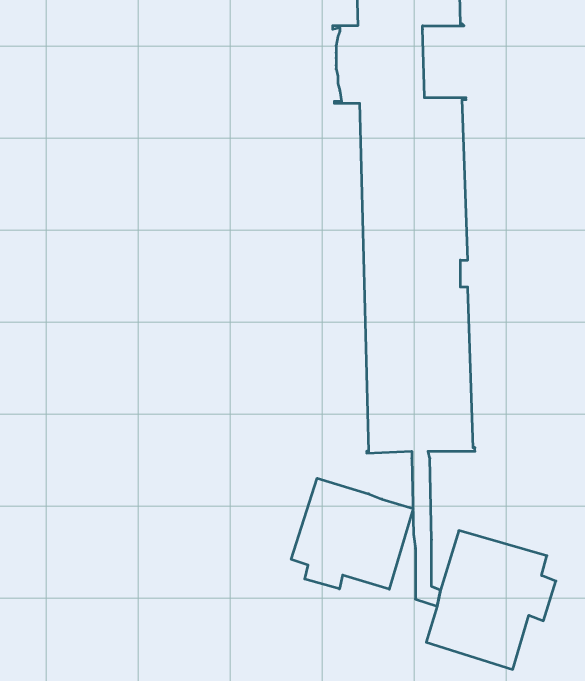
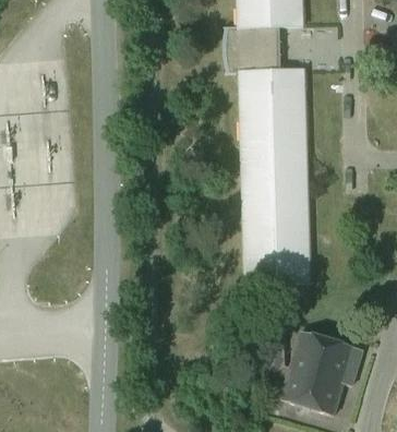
building: [291,478,413,589] -> none

